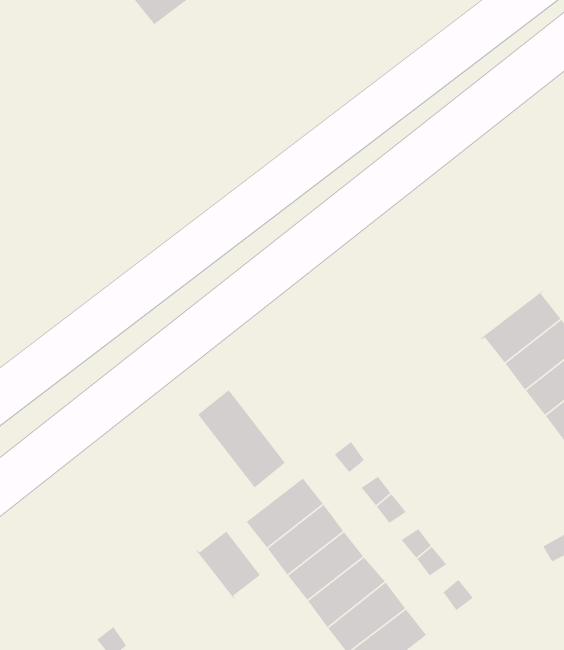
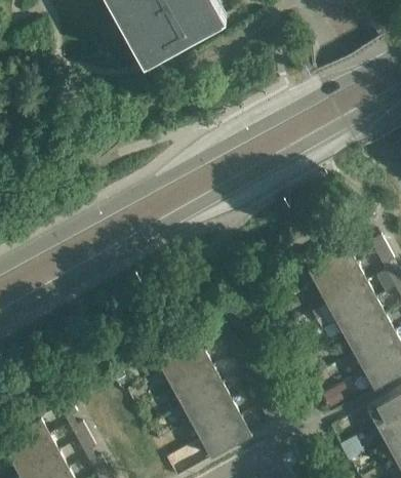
building: [197,389,286,488] -> none
building: [195,531,261,599] -> none

